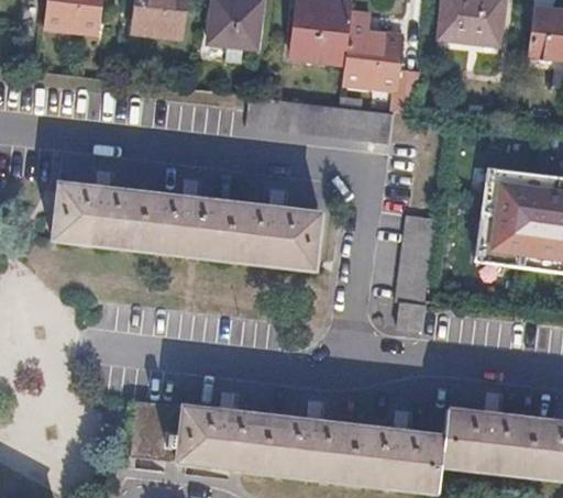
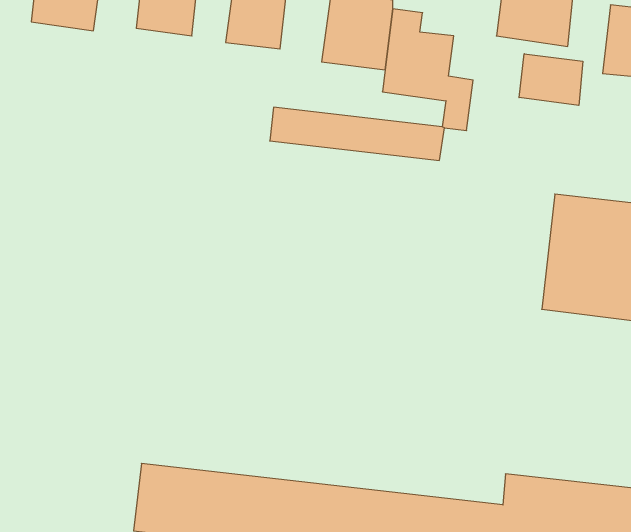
building: none -> [519,54,583,105]
building: [53,180,319,269] -> none
building: [396,214,438,331] -> none

